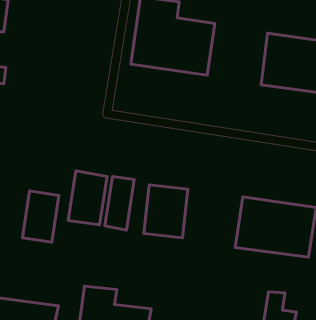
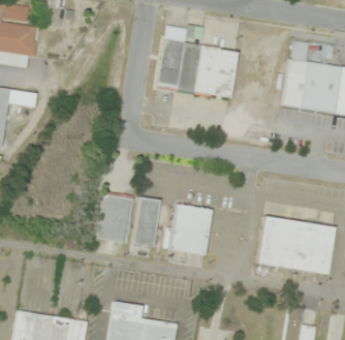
building: [22,191,59,242] -> none

